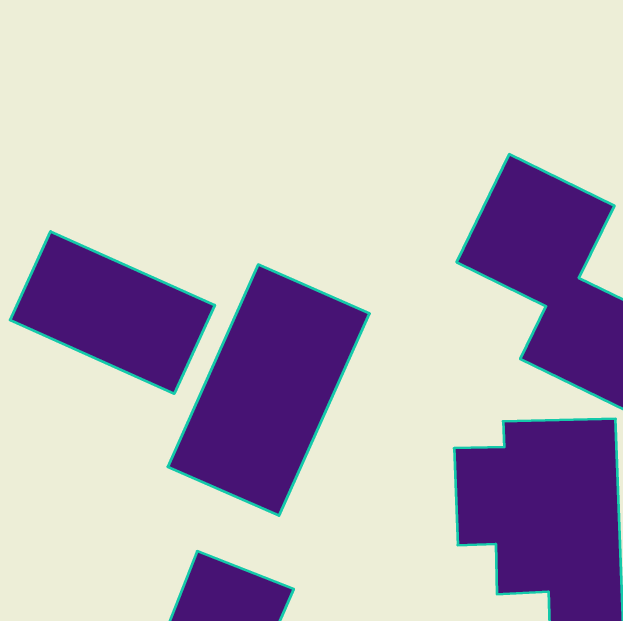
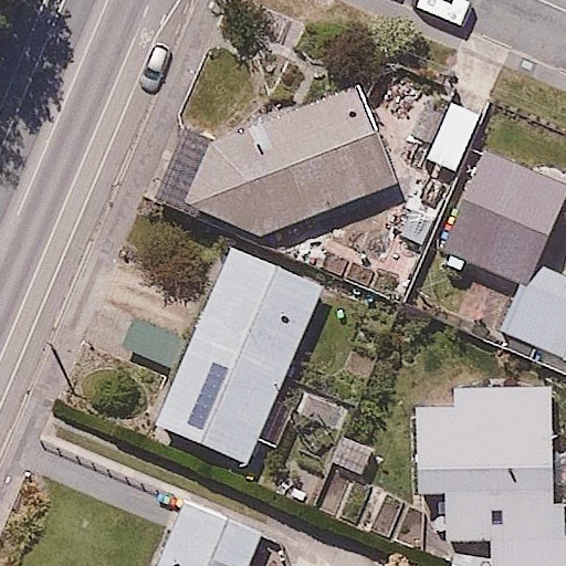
building: none -> [191,69,415,234]
building: [10,231,215,394] -> none

